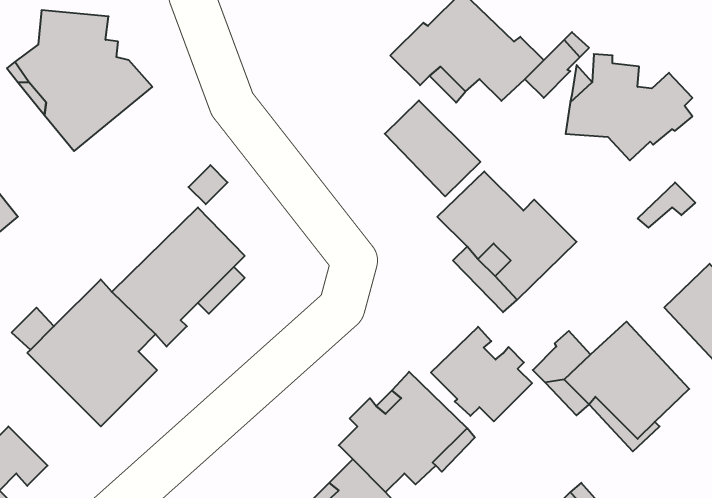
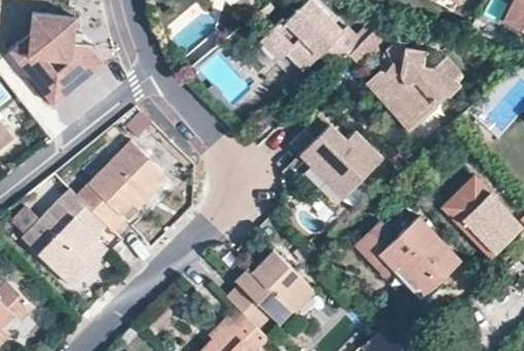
building: [385,100,480,196] -> none
building: none -> [377,90,451,130]
building: [431,327,532,421] -> none

